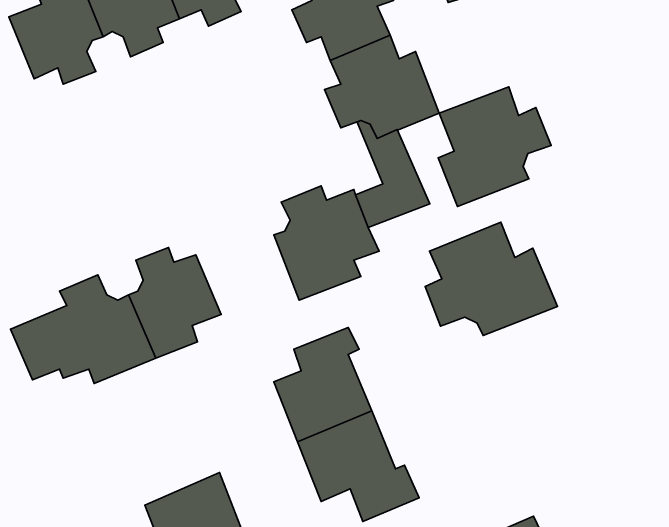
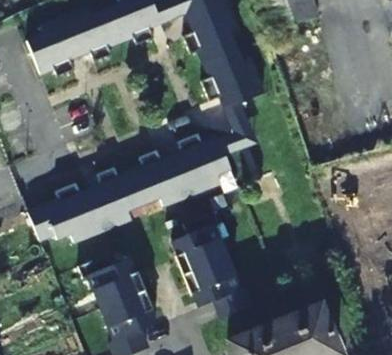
building: [438,87,551,206] -> none
building: none -> [129,149,186,206]
building: [425,222,558,336] -> none
building: none -> [77,253,142,309]

